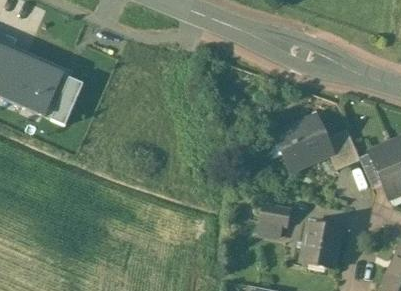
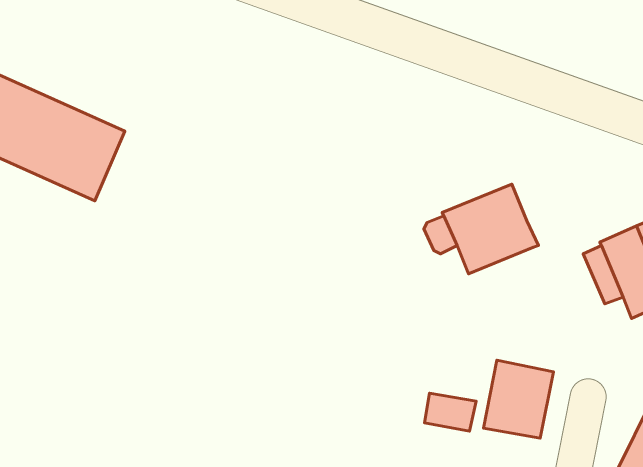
building: [325,128,360,169] -> none
building: [259,202,290,225] -> [425,393,476,431]

